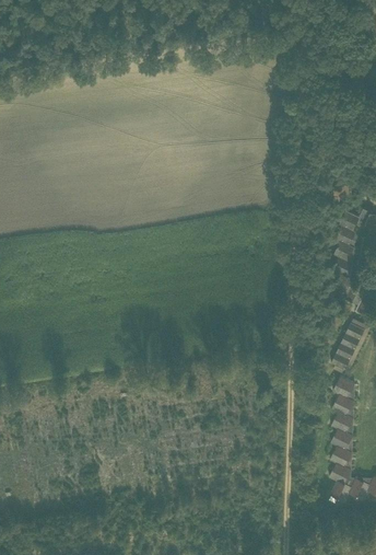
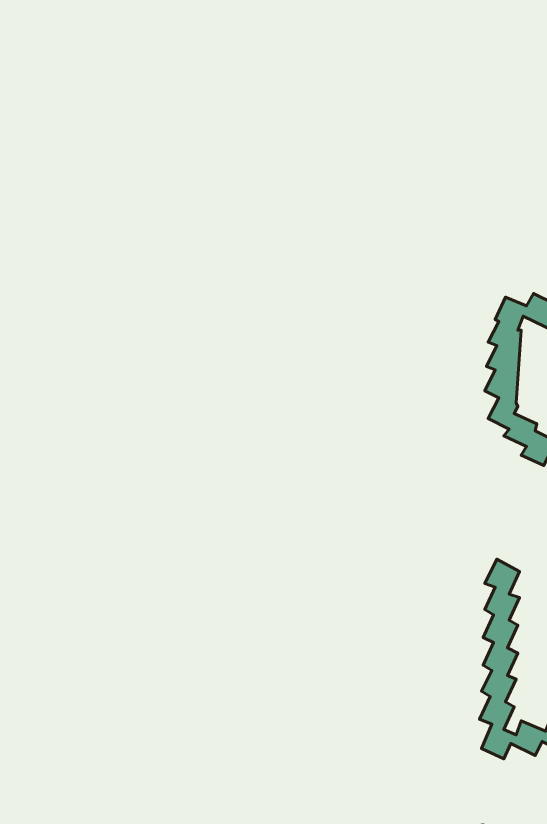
building: [332,321,366,368] -> none

